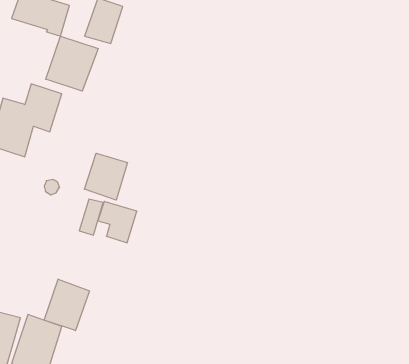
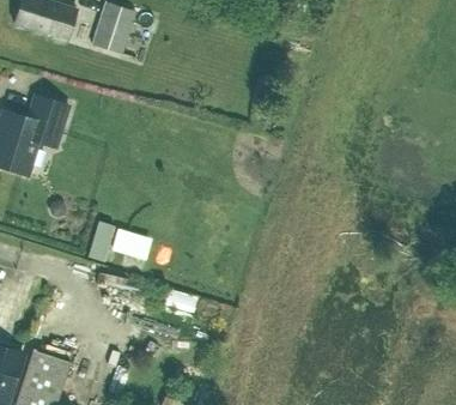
building: [46,36,98,91] -> none
building: [84,153,127,200] -> none
building: [44,279,89,331] -> none

